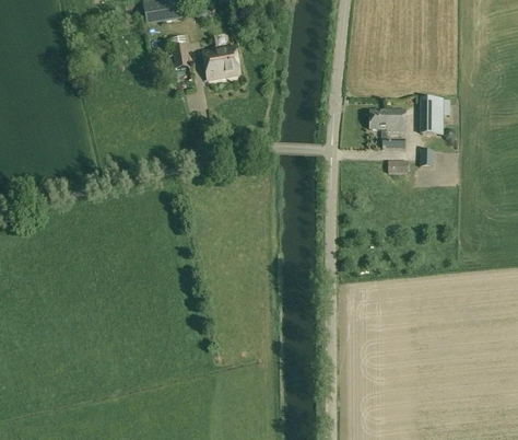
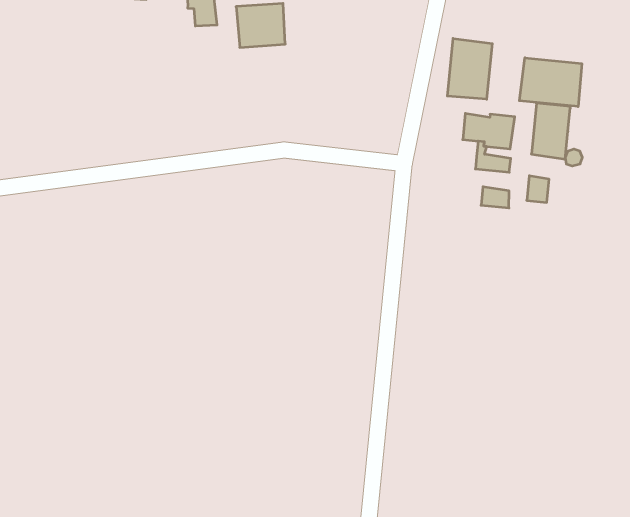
building: none -> [447,38,492,99]
building: none -> [519,58,582,107]

